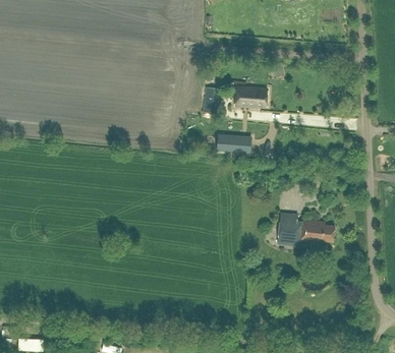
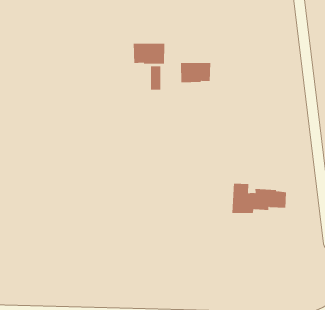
building: none -> [133,43,165,65]
building: [218,134,251,152] -> none

